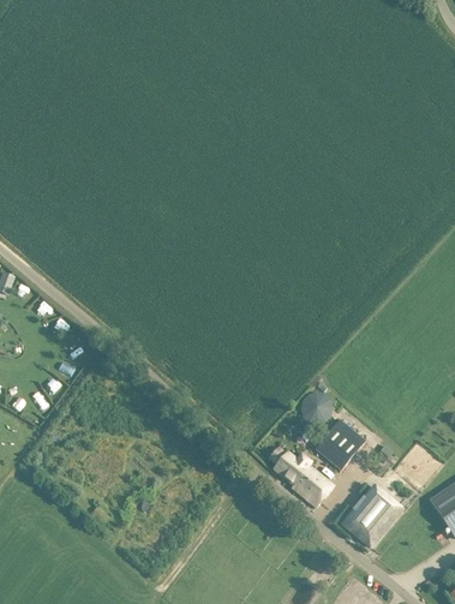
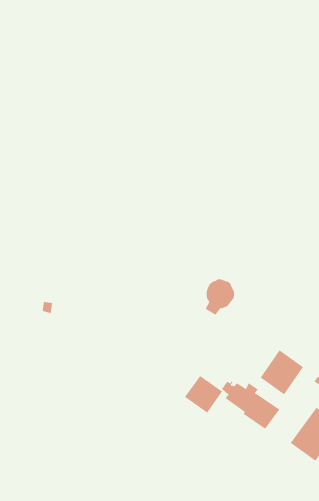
building: [297,390,331,431] -> [205,279,235,315]
building: none -> [184,375,223,413]

